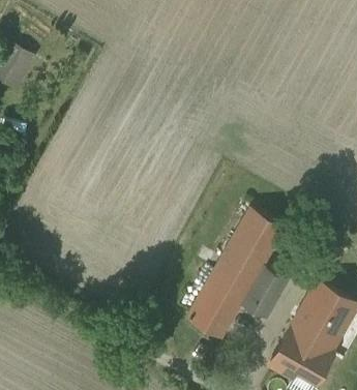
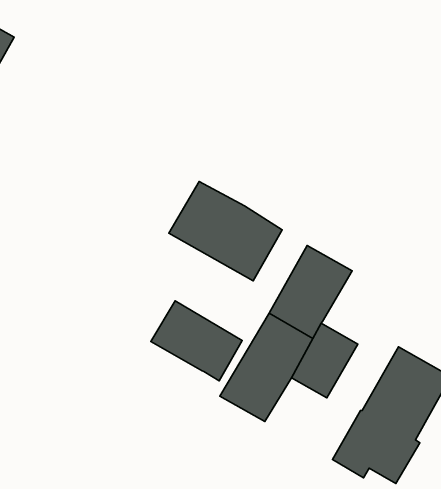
building: none -> [169,181,282,281]
building: none -> [151,301,242,381]

